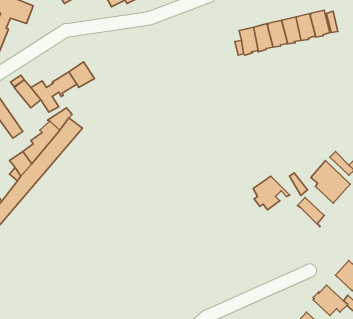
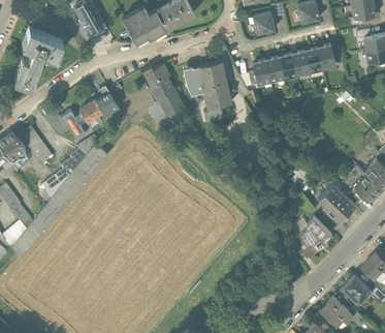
building: none -> [184,61,235,120]
building: none -> [142,63,186,123]
building: [253,176,290,210] -> [293,226,327,258]

